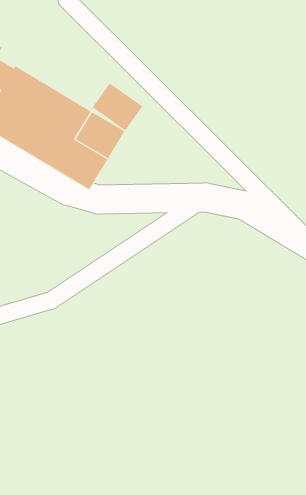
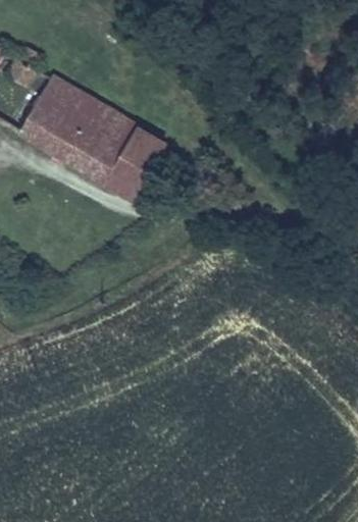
building: [92,83,143,131] -> none

